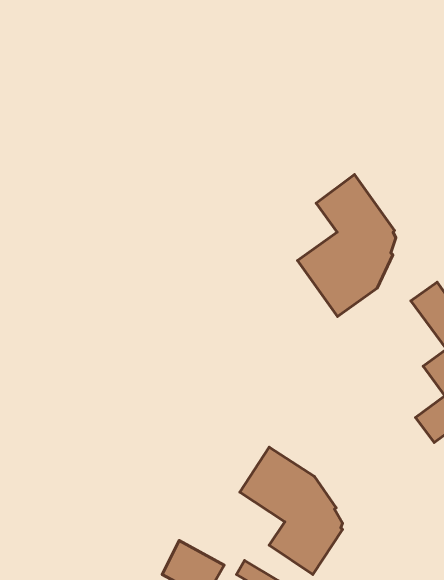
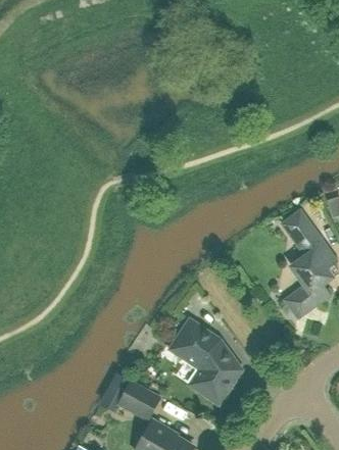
building: [297,174,396,317] -> none

